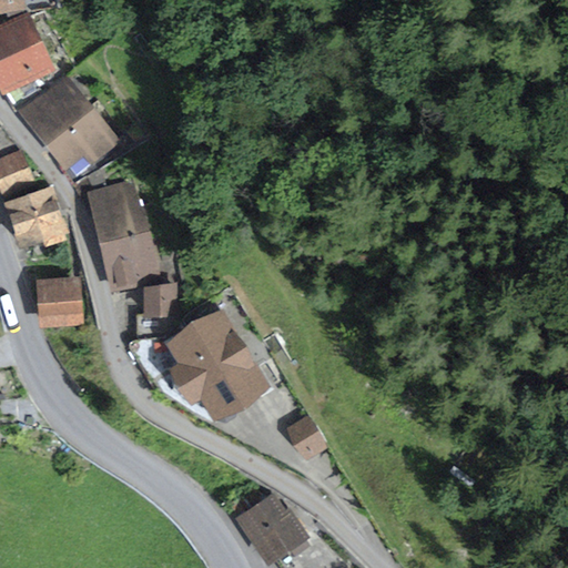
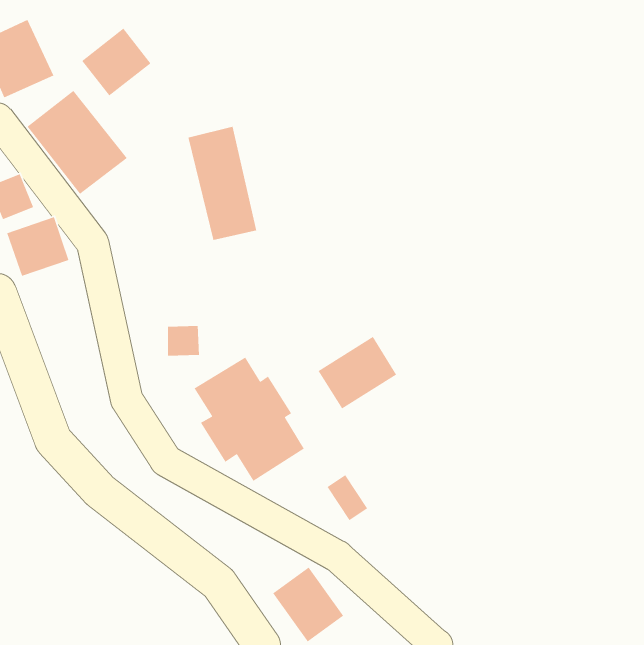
building: none -> [81,28,151,97]
building: [91,182,152,283] -> [188,126,257,241]
building: [37,274,79,323] -> none
building: none -> [318,336,397,409]

